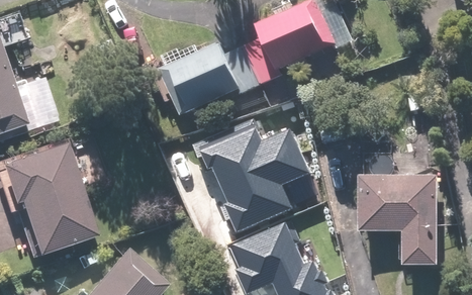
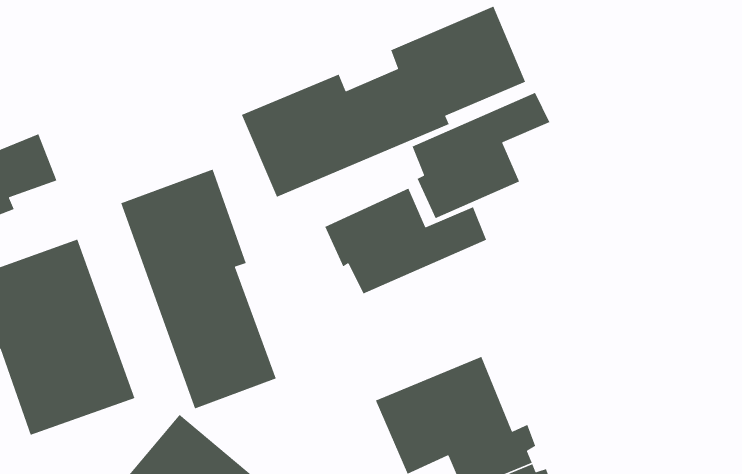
building: none -> [120,169,277,409]
building: [229,143,312,219] -> [411,92,551,219]
building: [358,174,437,264] -> none

